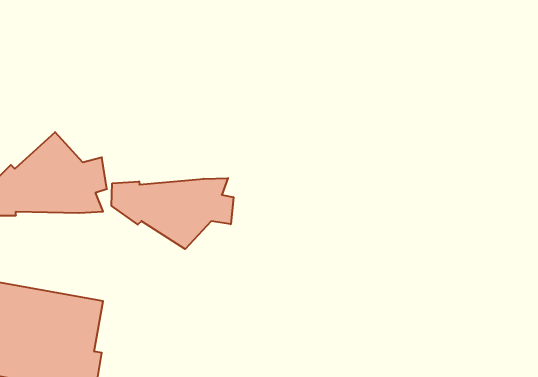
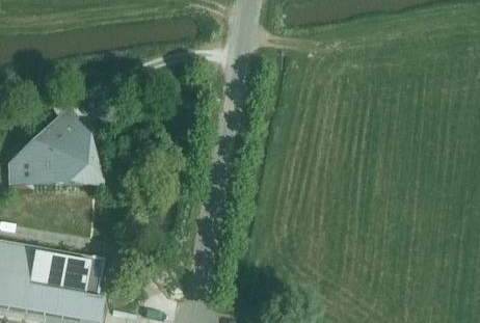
building: [112,178,233,249] -> none

